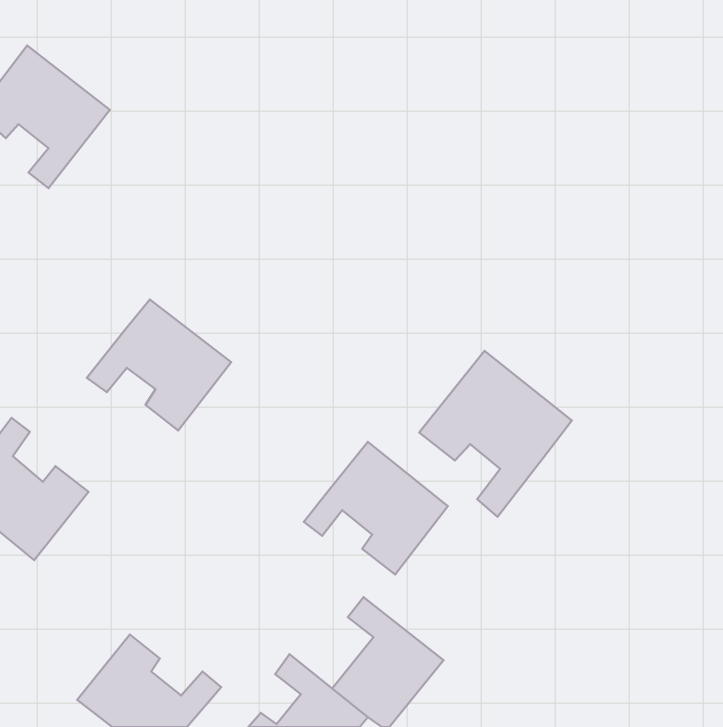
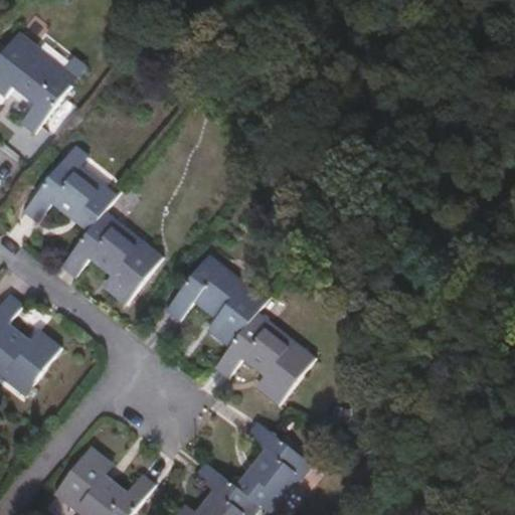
building: none -> [24,155,119,232]
building: [419,351,572,517] -> none
building: none -> [165,255,269,348]

